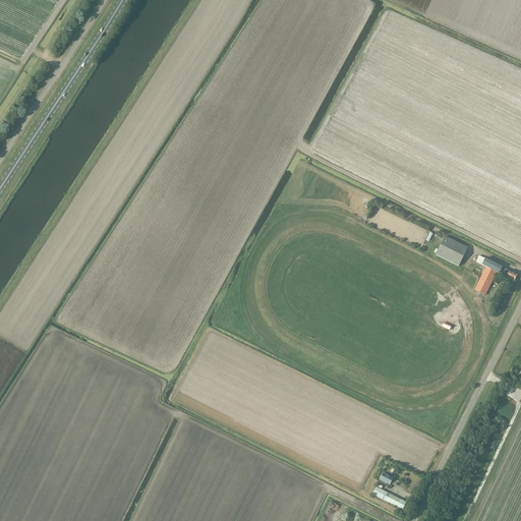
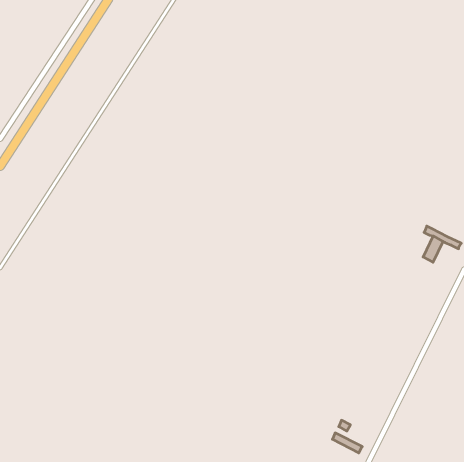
building: [436,235,467,265] -> none

